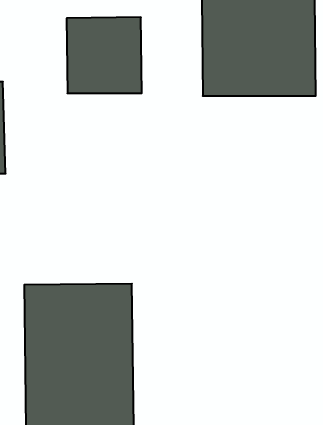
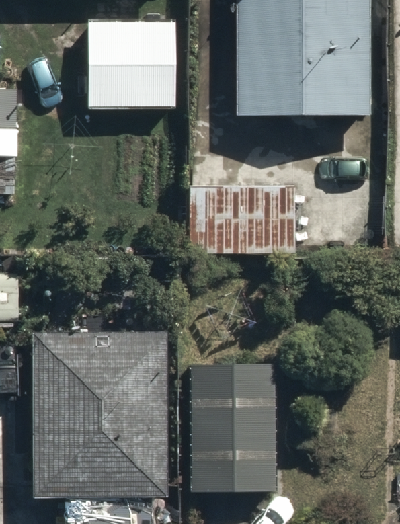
building: none -> [192,191,294,260]
building: none -> [190,366,272,485]

